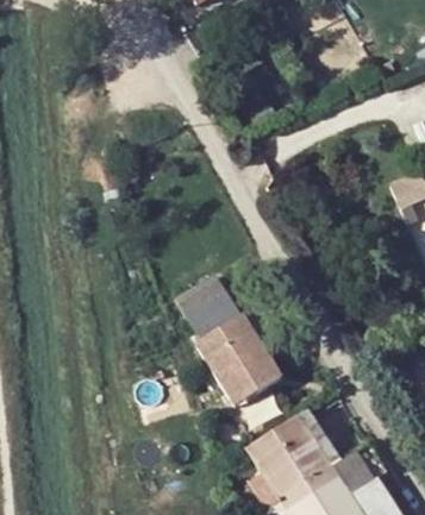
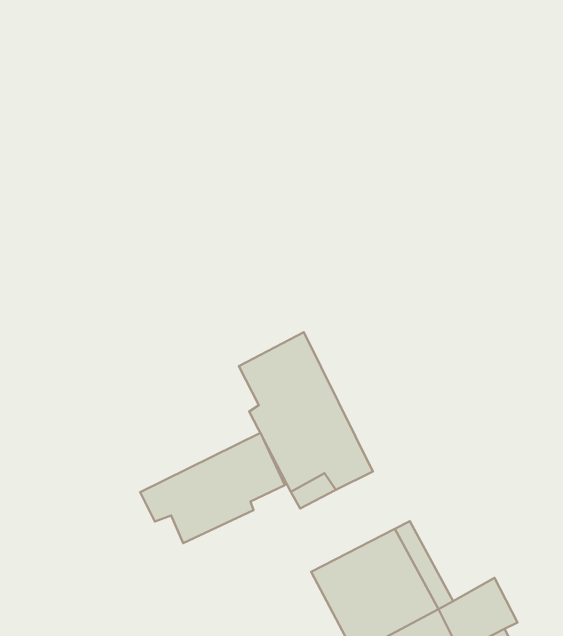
building: none -> [140,433,285,543]

